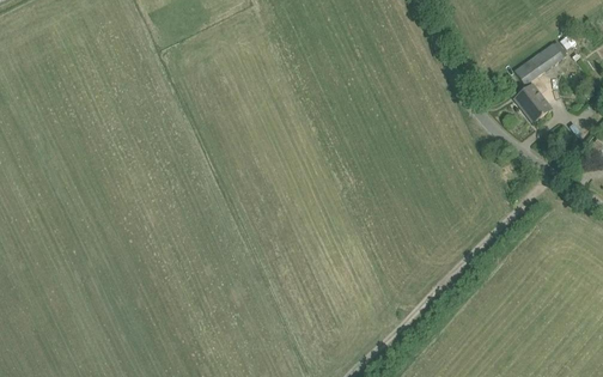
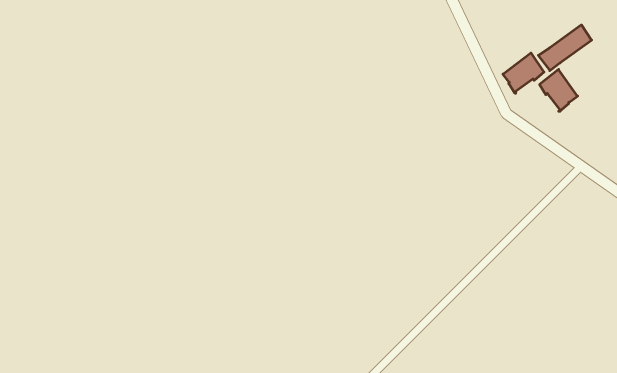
building: none -> [503,53,544,93]

